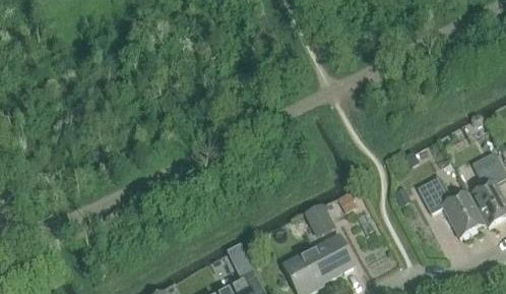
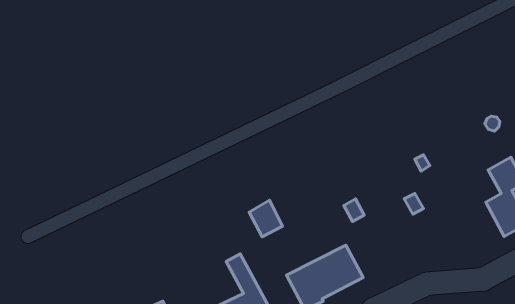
building: [418,176,483,237] -> none
building: [304,202,335,237] -> [249,200,283,237]

